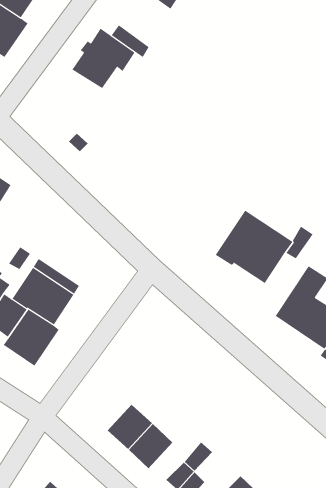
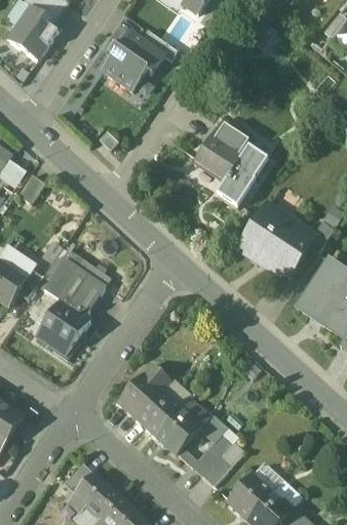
building: none -> [193,120,268,207]
building: none -> [118,362,171,416]
building: none -> [180,398,226,441]

